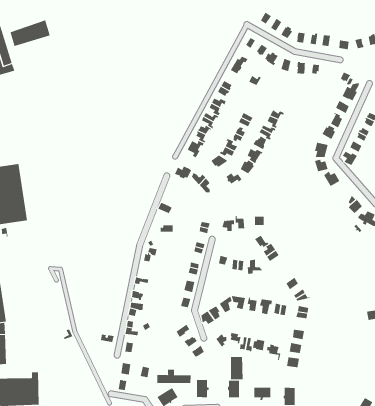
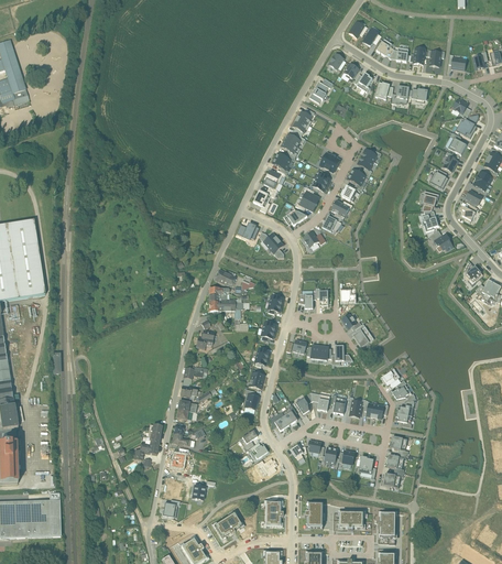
building: [10,20,50,47] -> none
building: [230,356,243,380] -> none
building: [157,369,191,384] -> none

